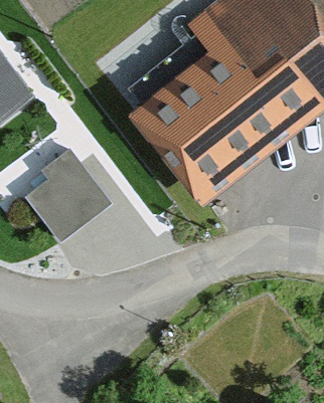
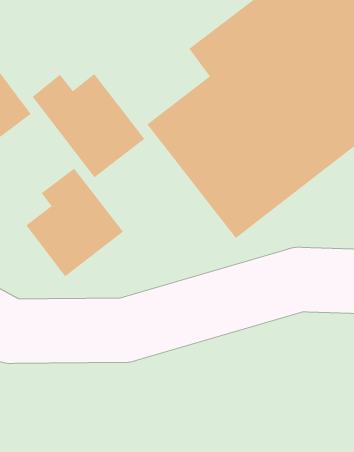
building: none -> [32,73,145,178]

